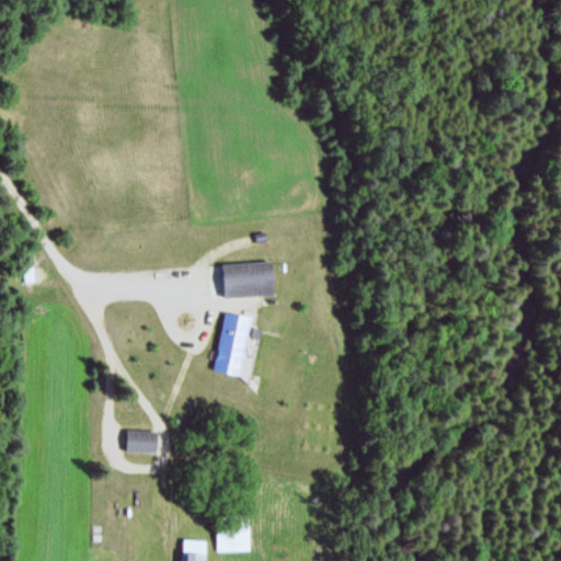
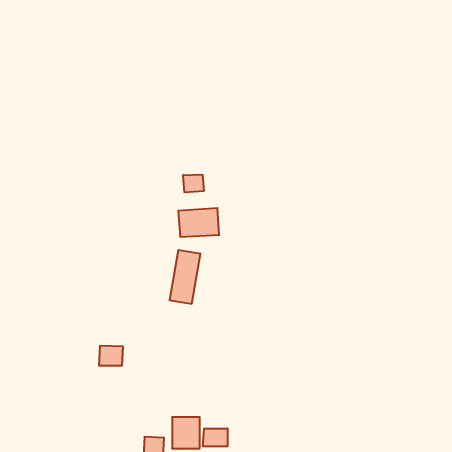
building: none -> [183,175,204,192]
building: none -> [203,428,228,446]

